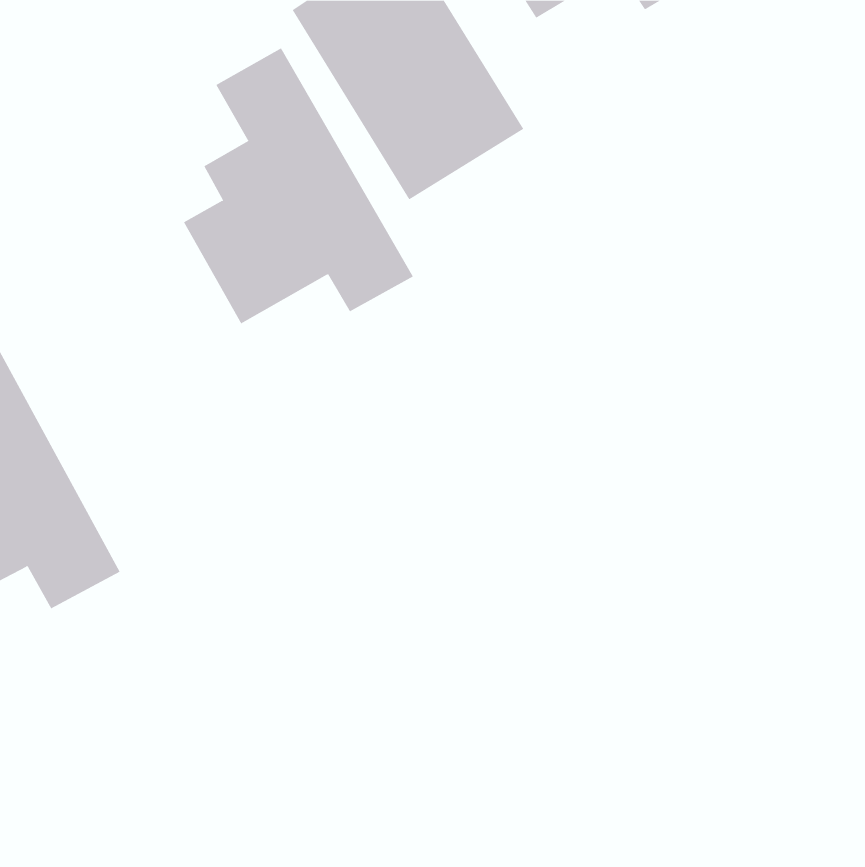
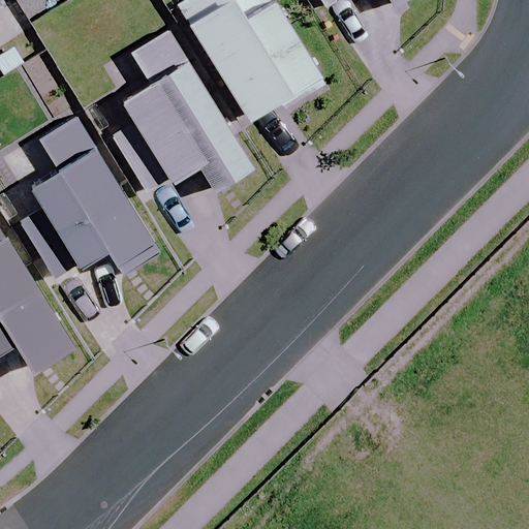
building: none -> [21,115,162,282]

